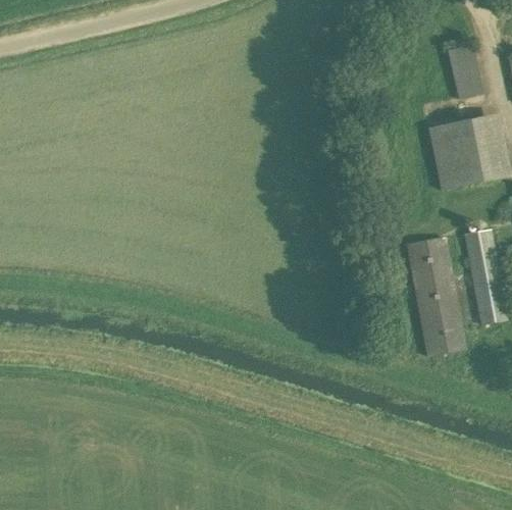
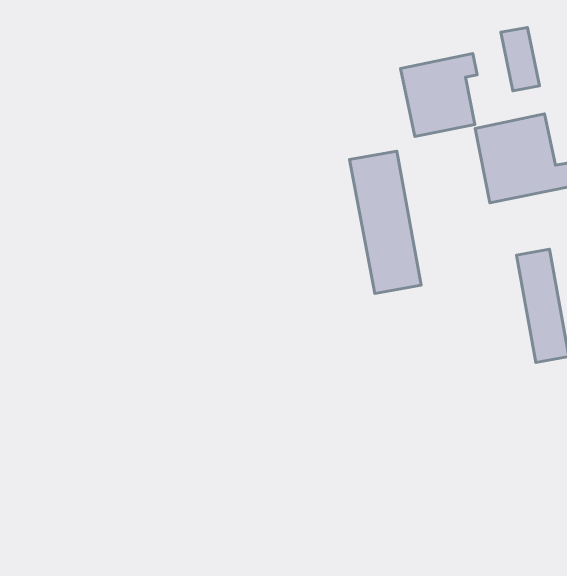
building: none -> [400,53,477,136]
building: [405,237,465,356] -> [349,151,421,294]

